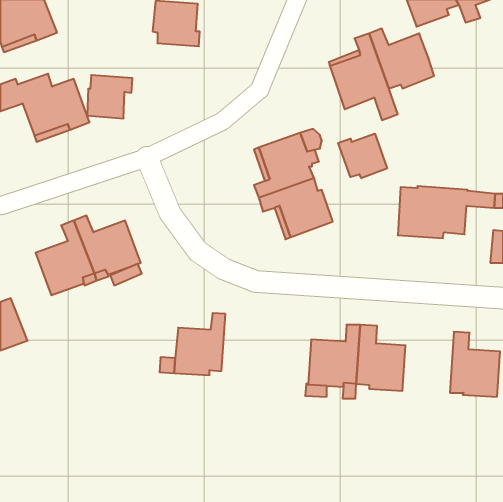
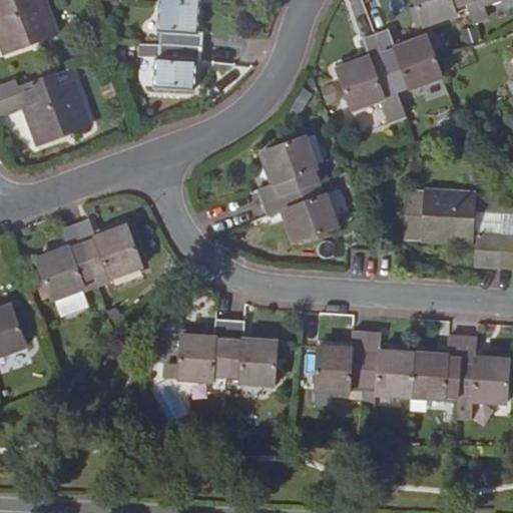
building: [87,75,132,118] -> [156,44,202,88]
building: [338,134,387,178] -> none
building: none -> [475,233,502,268]
building: none -> [225,320,278,387]
building: none -> [410,336,462,400]

